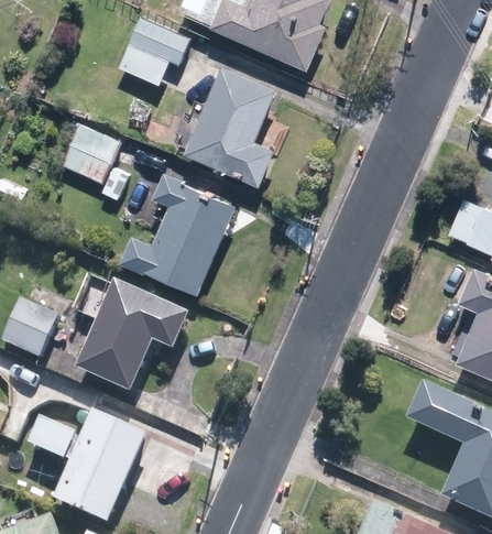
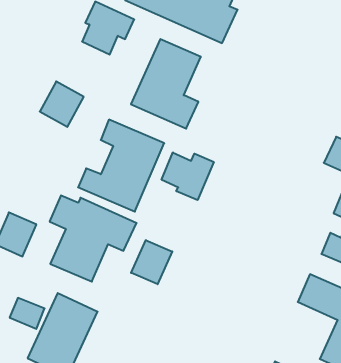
building: none -> [162,152,214,200]
building: none -> [131,240,172,284]

